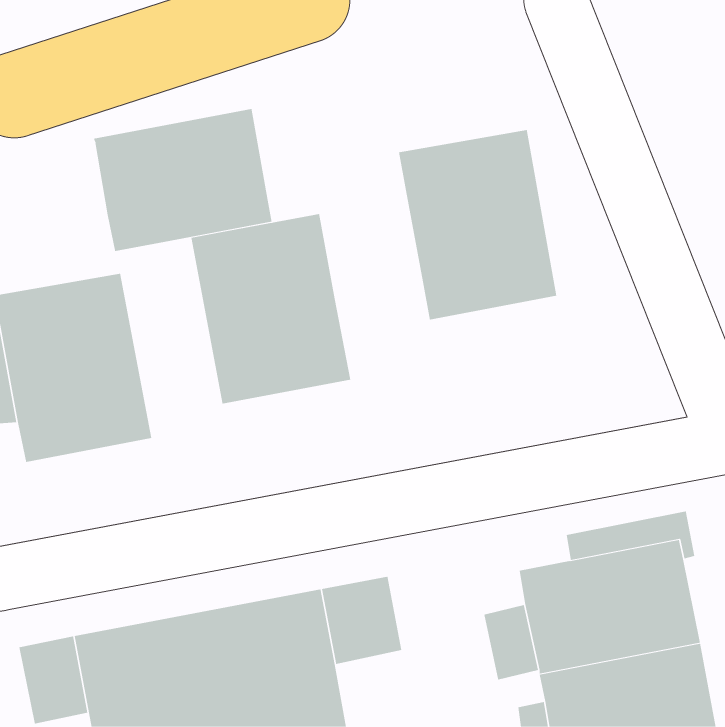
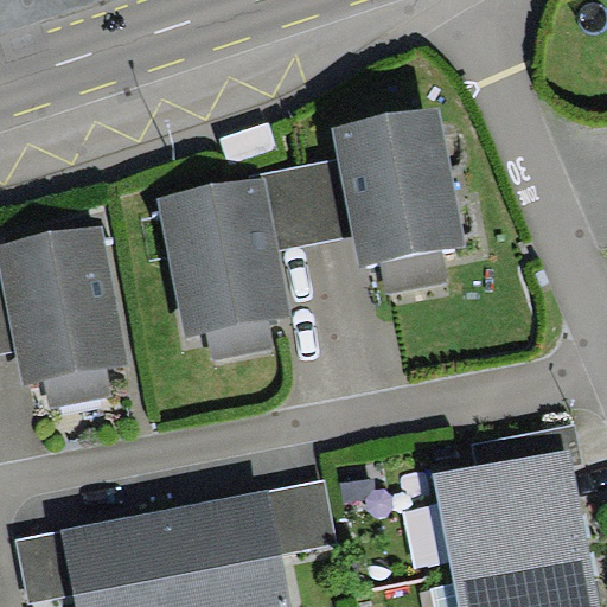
building: [93,108,272,252] -> none
building: none -> [260,159,352,249]

